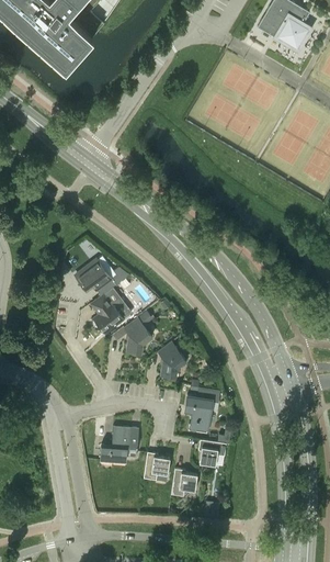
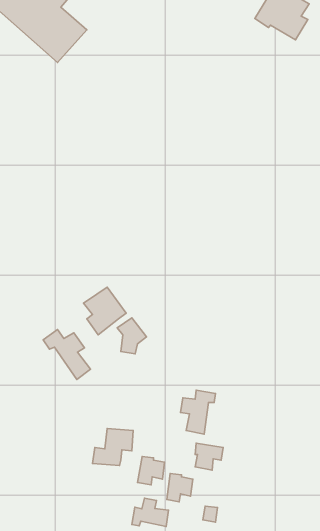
building: [75,259,116,294] -> none
building: none -> [43,329,90,379]
building: [157,344,185,380] -> none
building: none -> [132,498,169,526]

